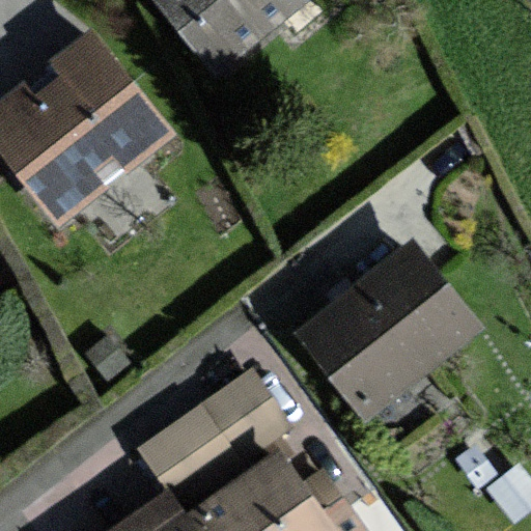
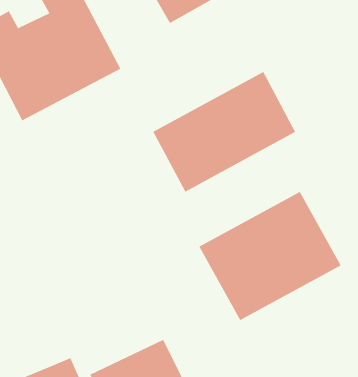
building: none -> [153,71,296,193]
building: [141,373,280,496] -> none

